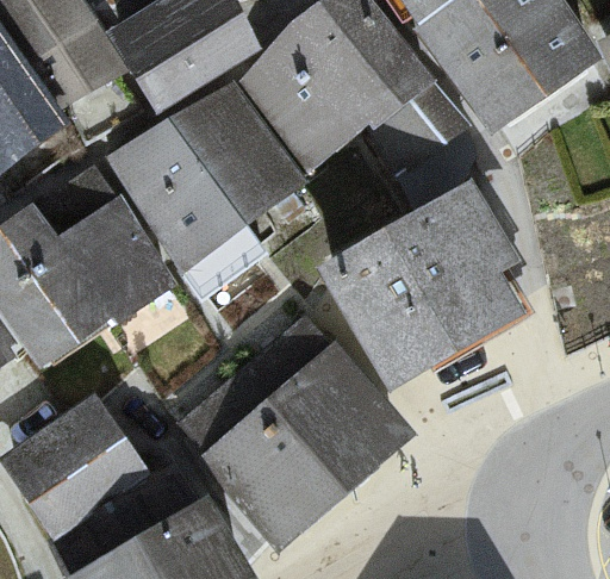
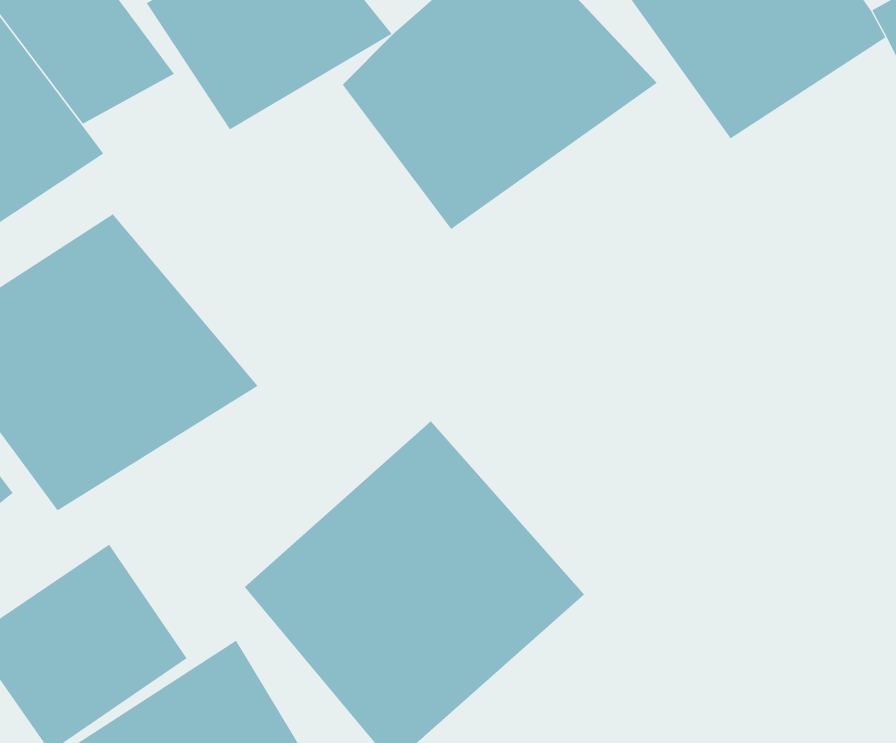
building: [110,92,313,274] -> none
building: [317,176,516,376] -> none

